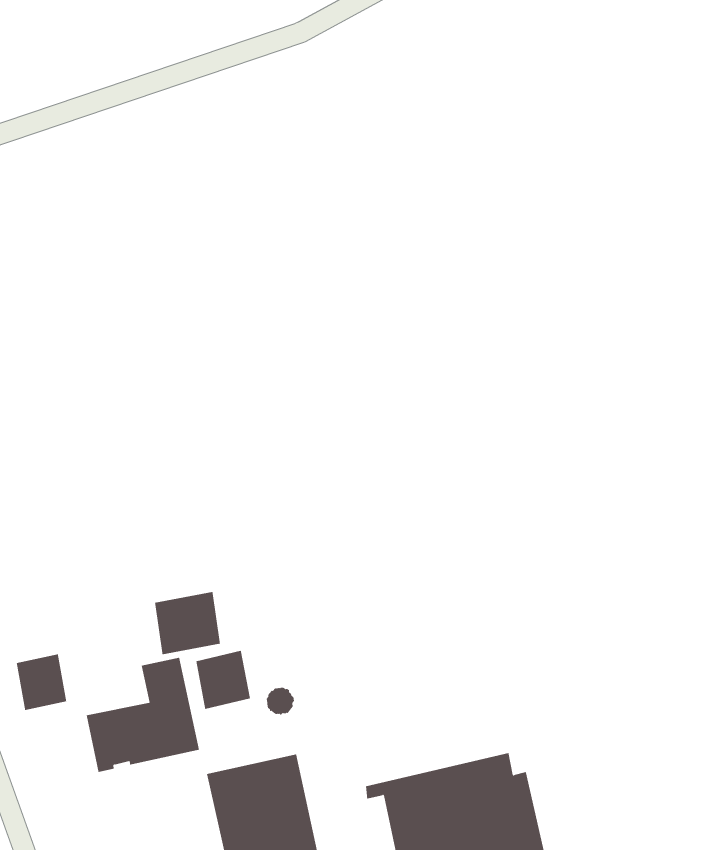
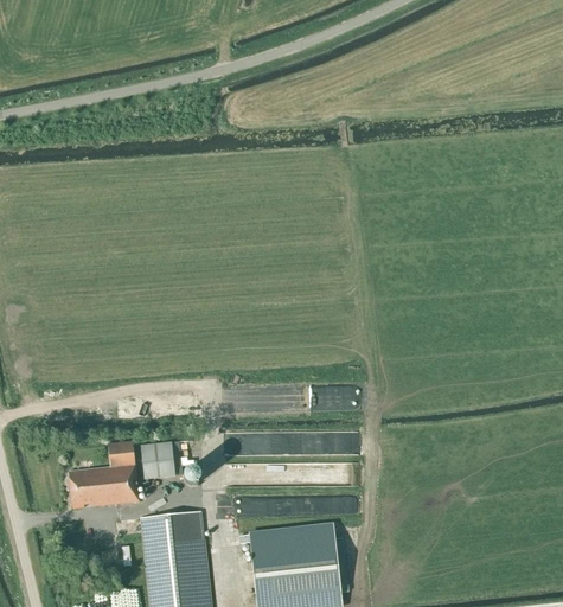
building: [155,591,220,655] -> none
building: [16,653,67,711] -> none

